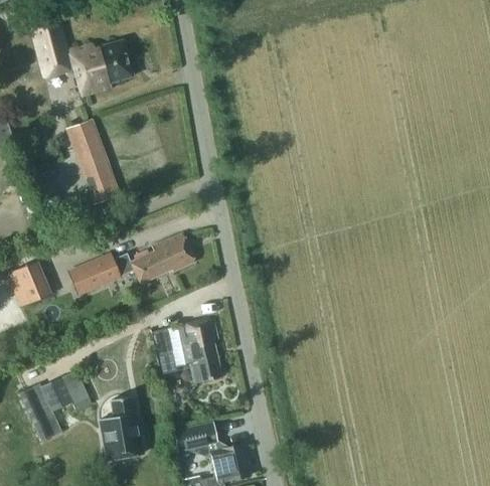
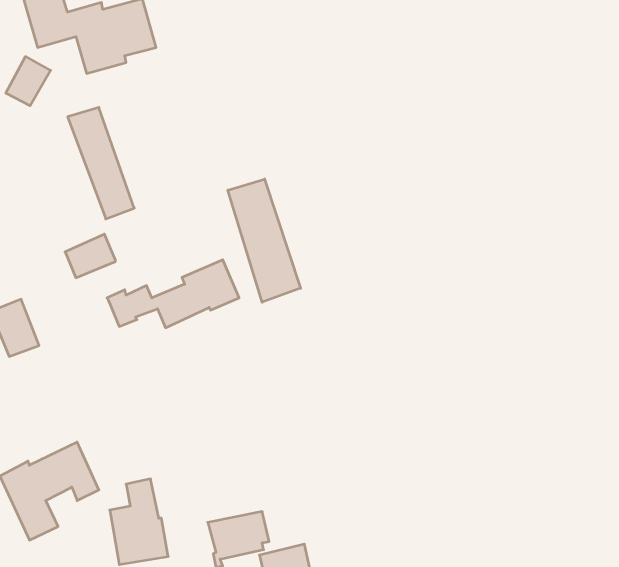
building: none -> [6,57,51,106]
building: none -> [228,179,301,302]
building: [69,264,107,296] -> [65,234,115,278]
building: [153,318,221,381] -> none

